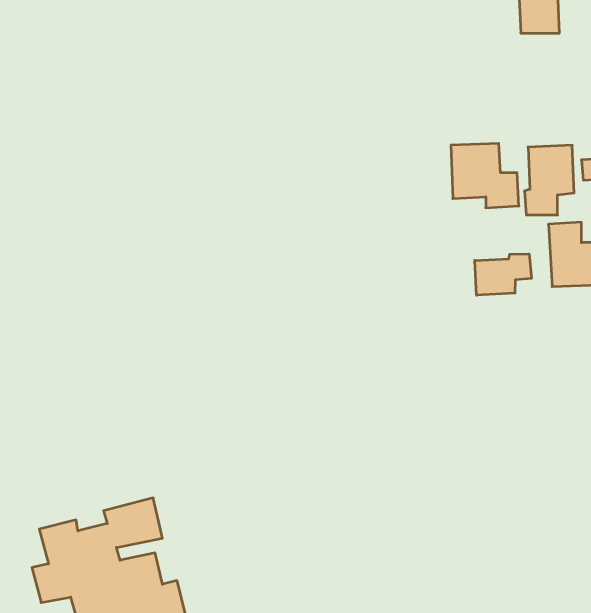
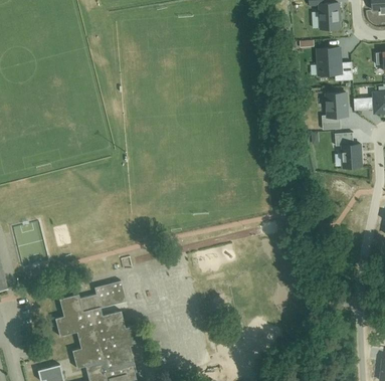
building: [451,143,519,208] -> [317,45,354,80]
building: [475,254,531,295] -> none

